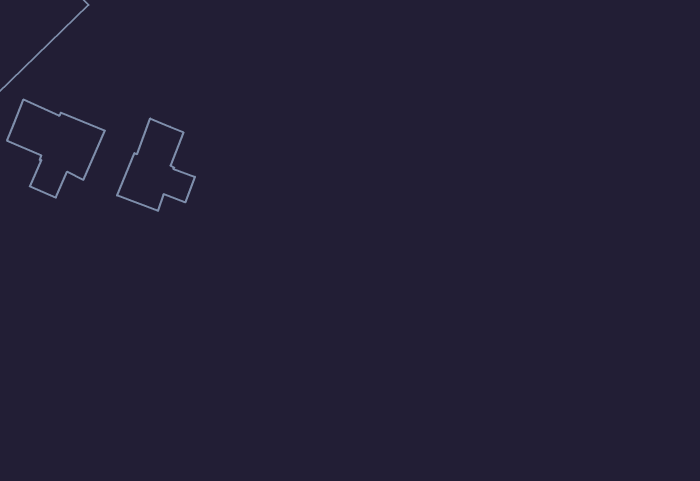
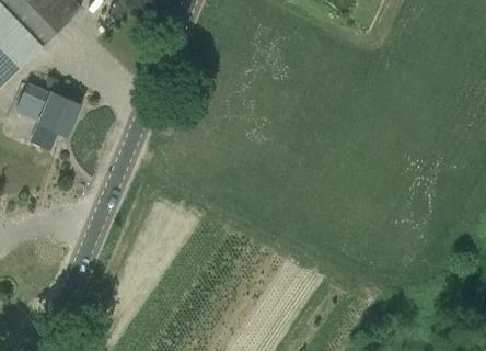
building: [117,118,195,211] -> none

